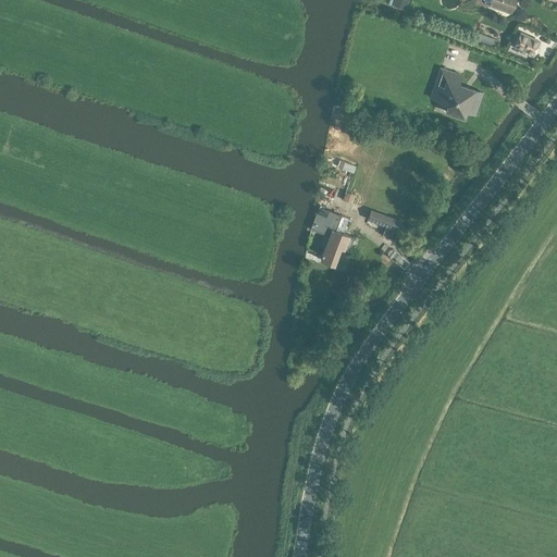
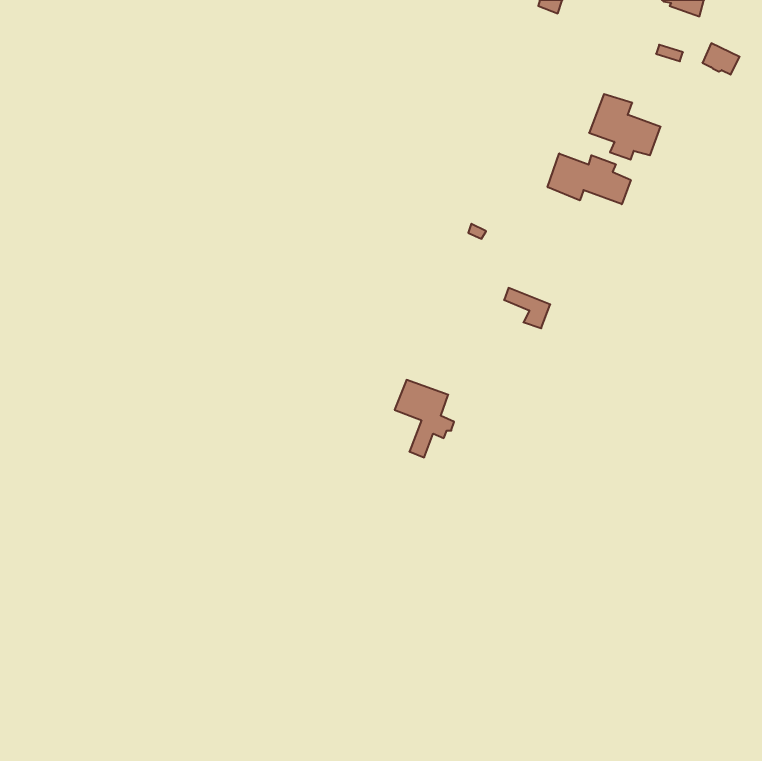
building: none -> [548,153,631,204]
building: [310,208,354,264] -> [395,380,454,457]

